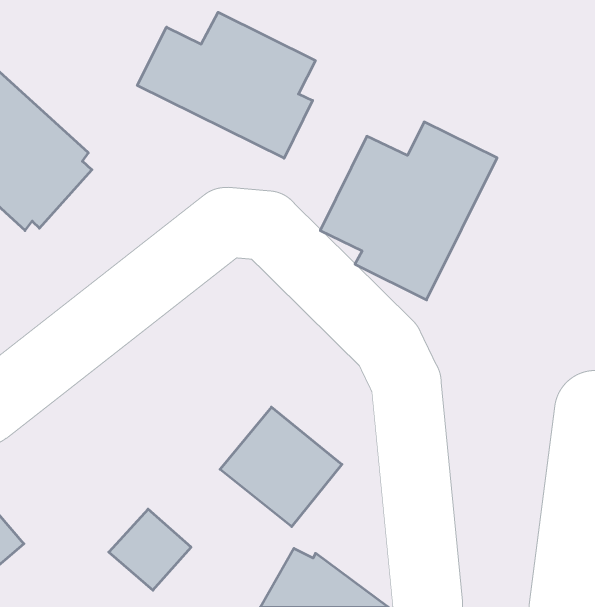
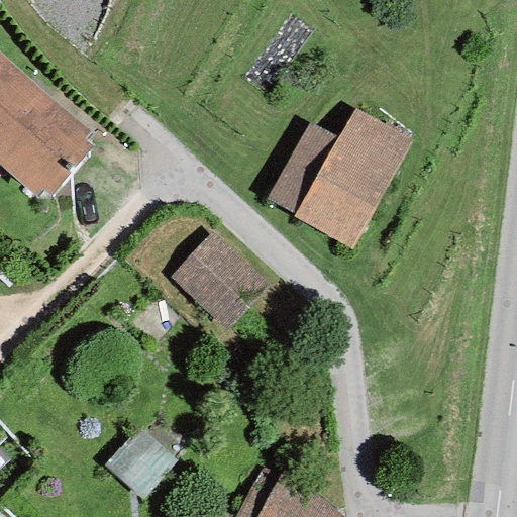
building: [137,12,315,158] -> none
building: [220,407,342,527] -> [172,228,275,329]

